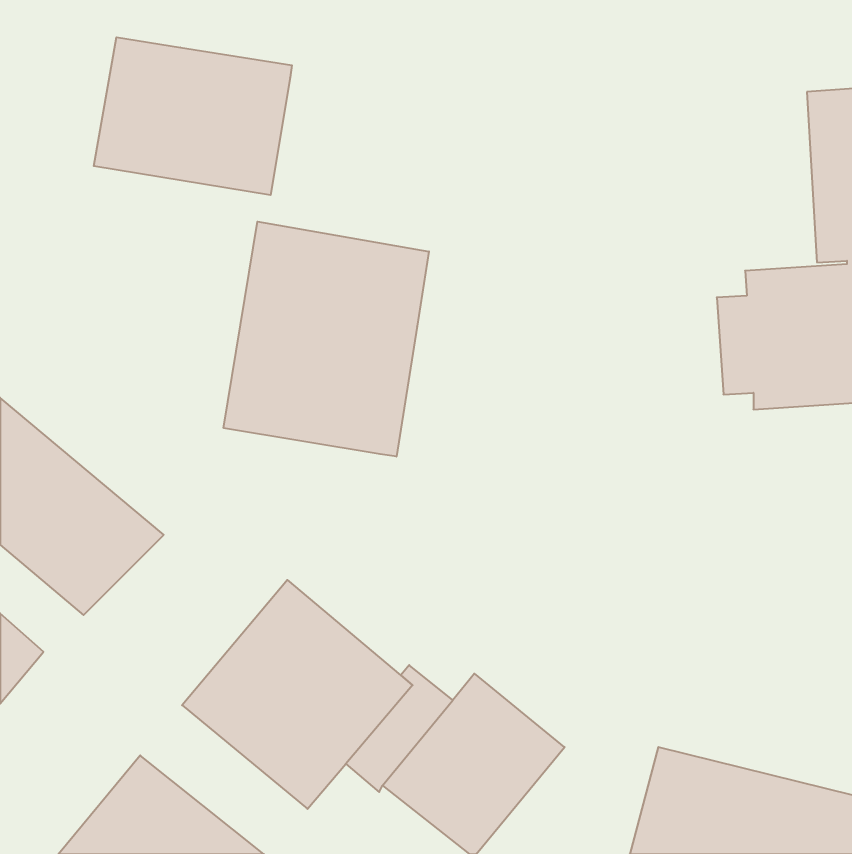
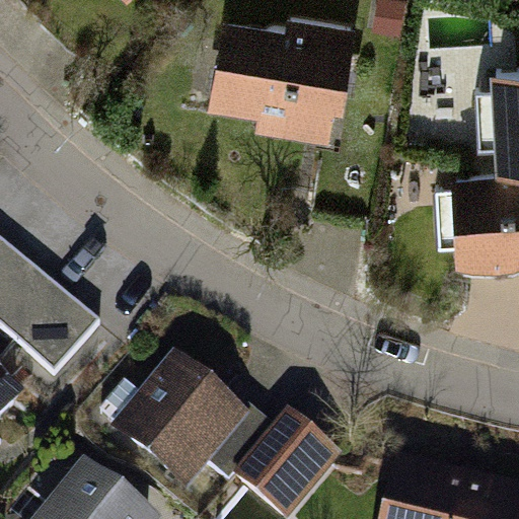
building: none -> [209,6,358,133]
building: [94,37,292,195] -> none
building: [224,222,429,457] -> none

